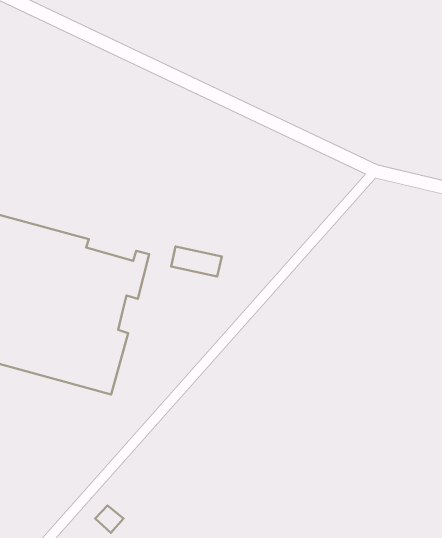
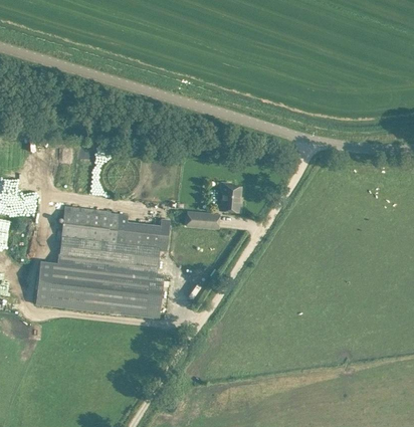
building: none -> [219,182,241,211]

